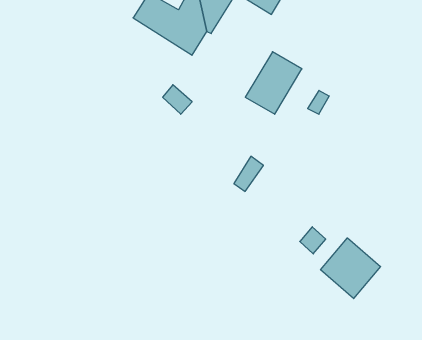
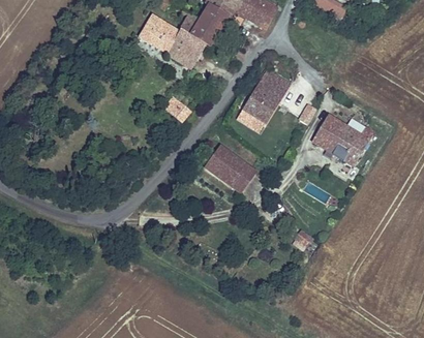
building: none -> [310,113,375,166]
building: none -> [203,144,245,186]
building: [321,238,381,299] -> none

